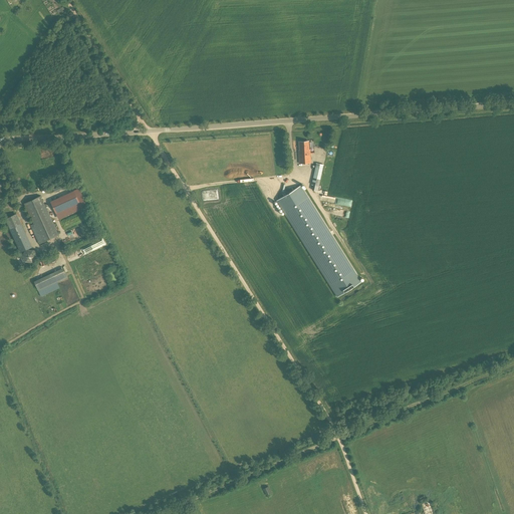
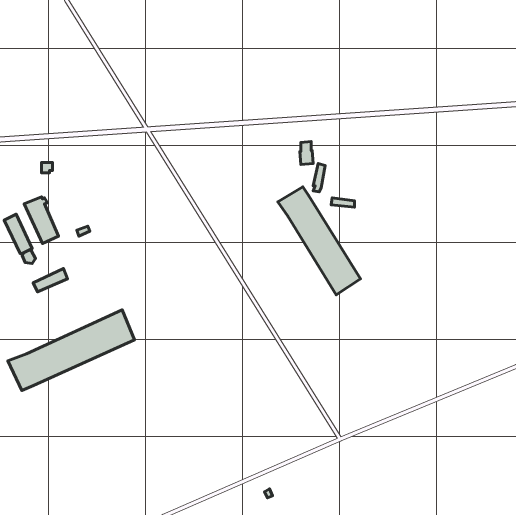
building: [49,189,87,220] -> none
building: none -> [8,310,135,390]

